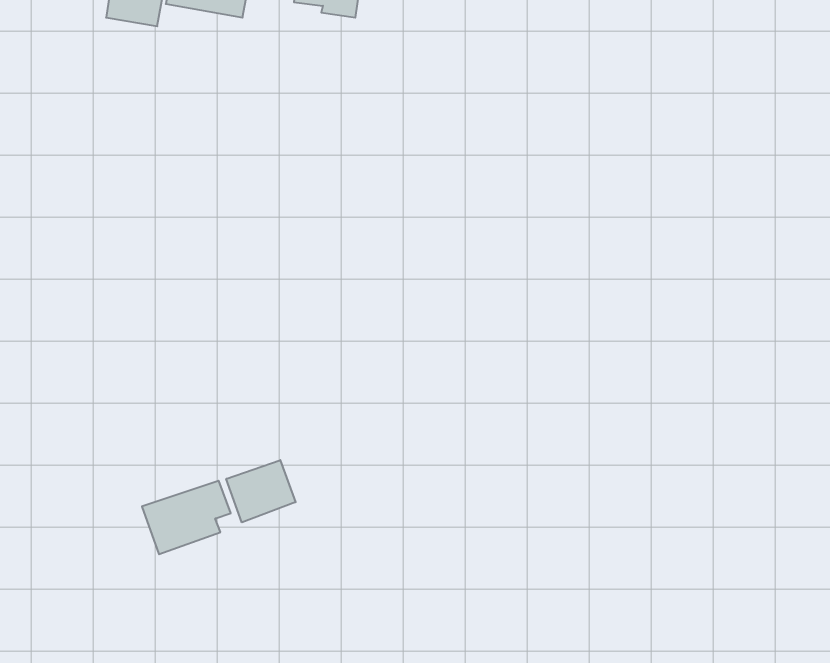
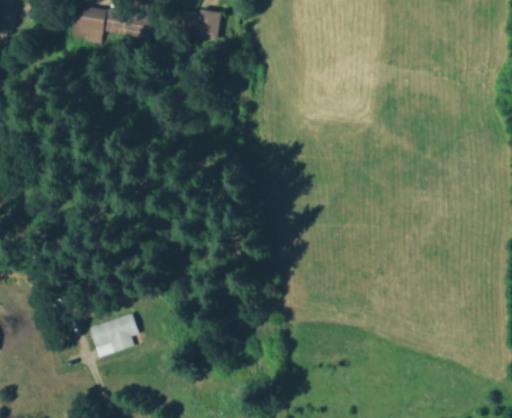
building: [226,460,296,522] -> none

